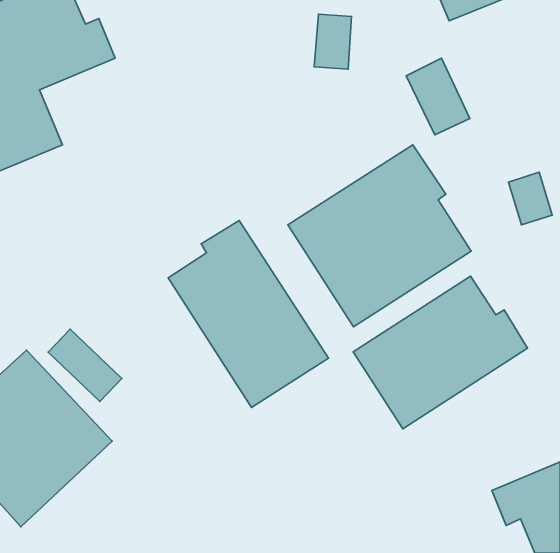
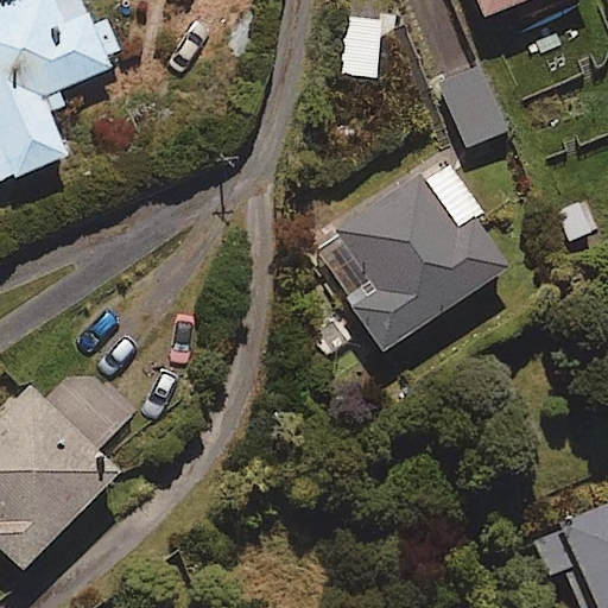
building: [168,220,328,407] -> none
building: [353,276,528,429] -> none

